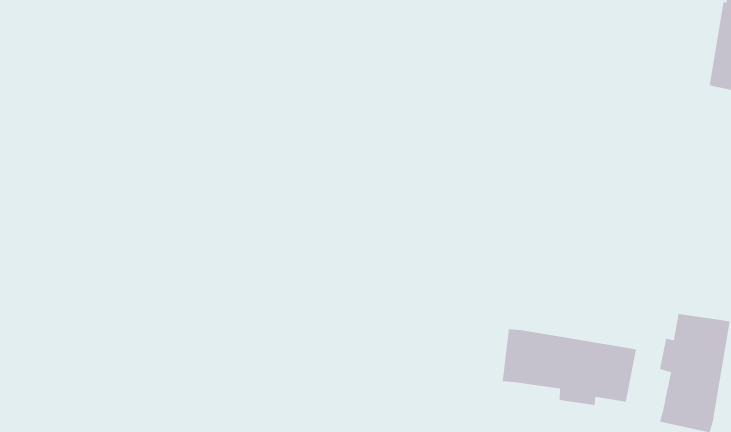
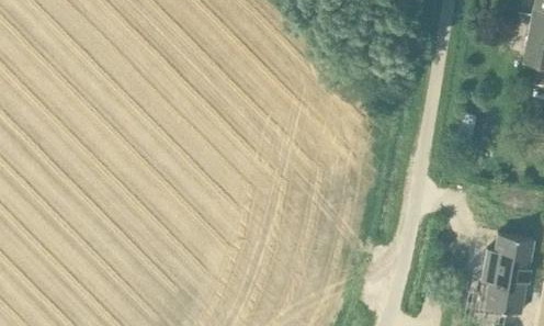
building: [502,329,636,406] -> none

